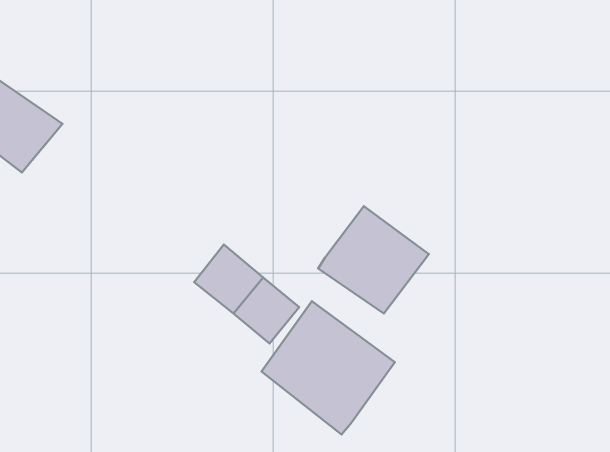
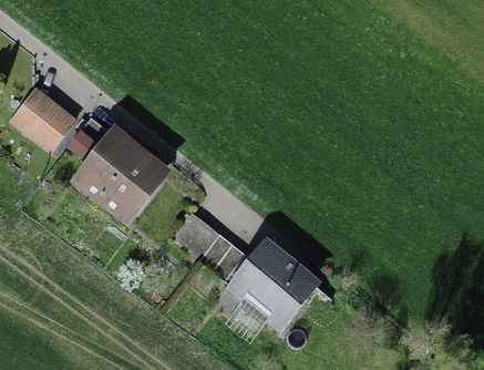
building: none -> [66,129,166,224]
building: [318,206,429,313] -> none

